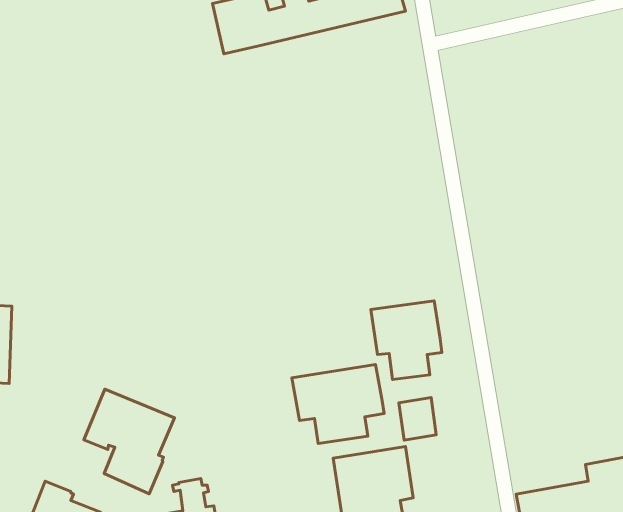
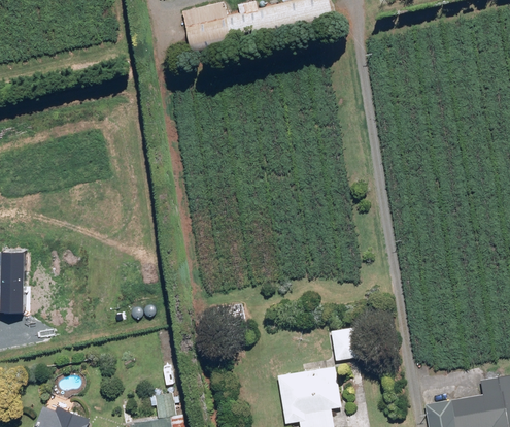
building: [371,301,442,379] -> none
building: [292,364,384,443] -> none
building: [84,389,174,494] -> none

